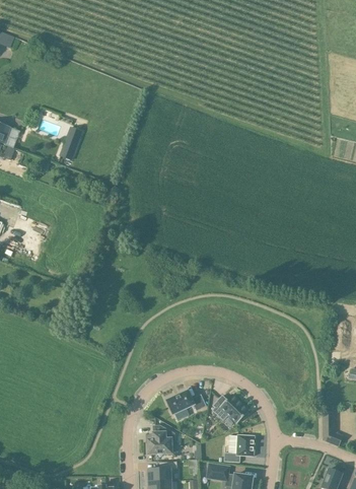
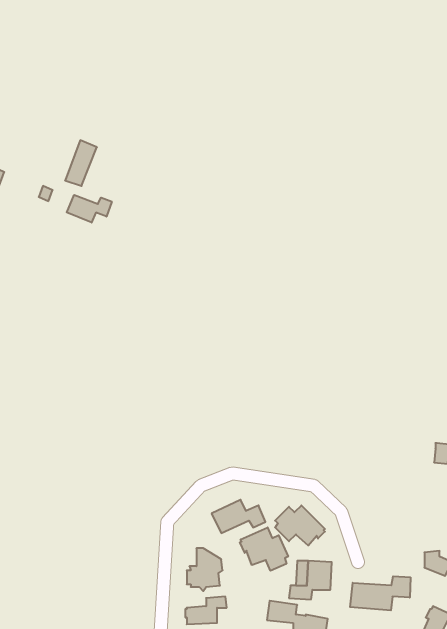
building: none -> [67,195,112,223]
building: none -> [240,527,288,571]
building: none -> [350,576,410,610]

